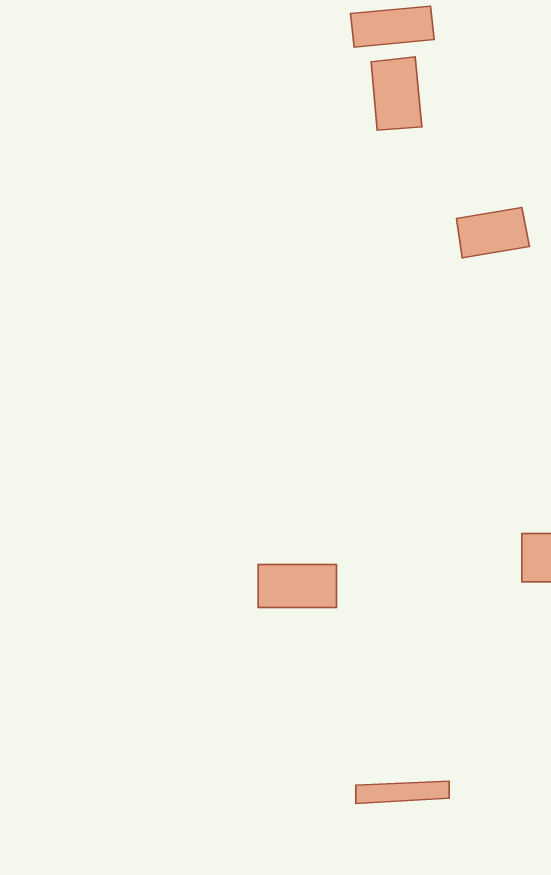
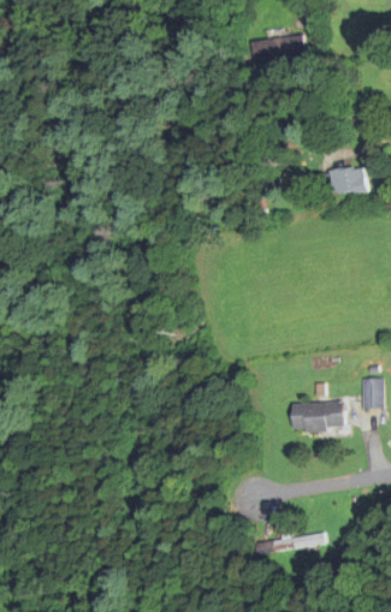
building: [371,57,422,130] -> none
building: [258,565,336,608] -> [292,400,343,428]

